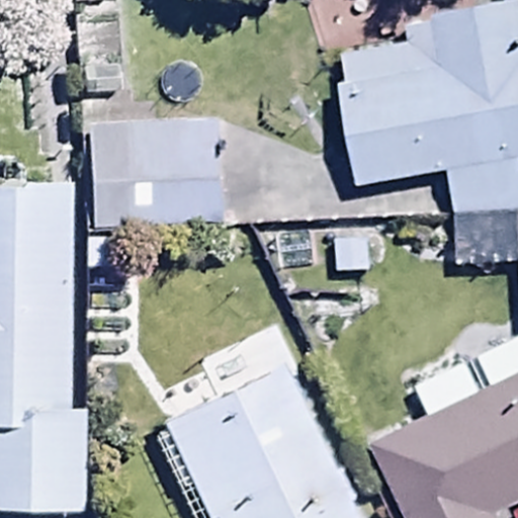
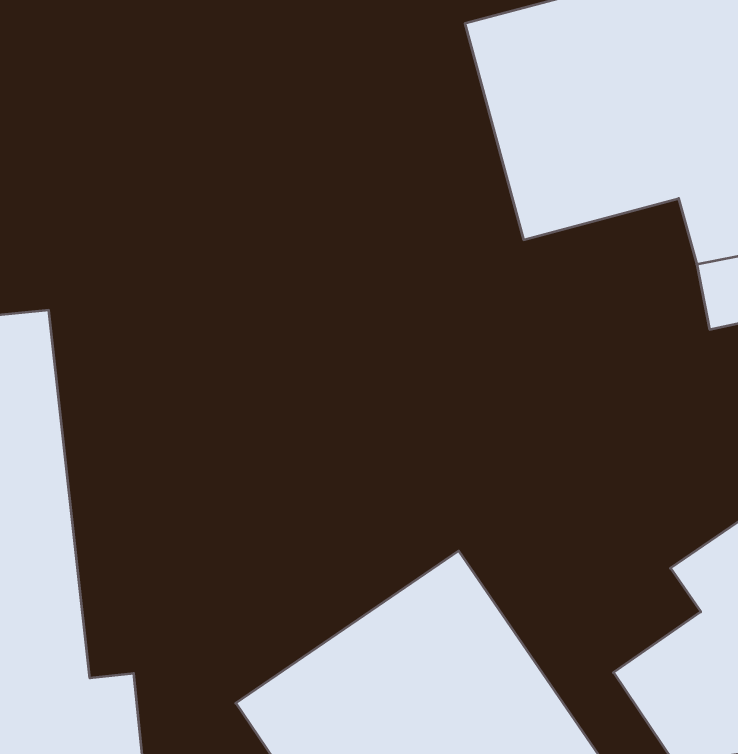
building: [83,118,226,227] -> none

